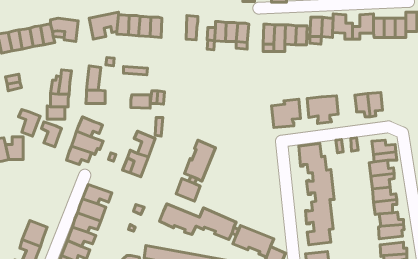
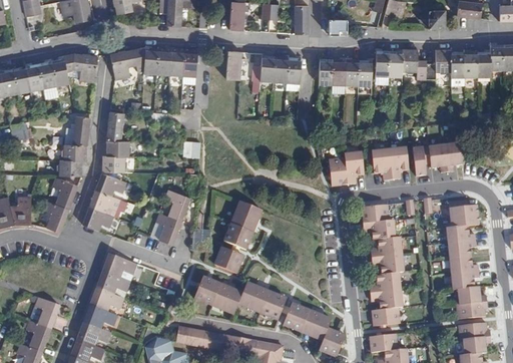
building: [131,95,150,108] -> [102,156,125,172]
building: none -> [413,146,431,175]
building: [18,109,40,136] -> [43,201,69,233]

